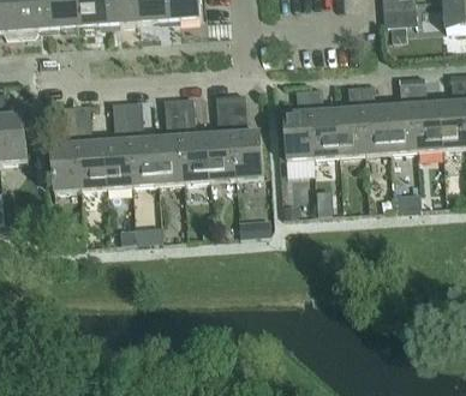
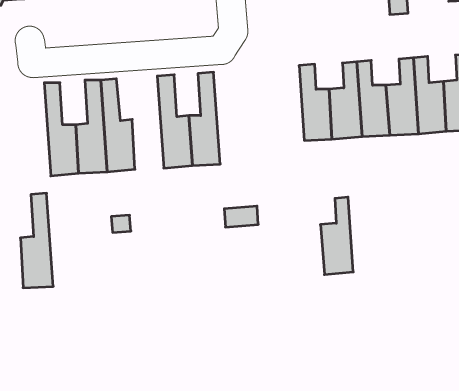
building: [282,88,312,158] -> [320,197,353,275]
building: [229,92,263,178] -> none
building: [155,97,184,182] -> none
building: [50,103,80,190] -> [20,193,53,288]

